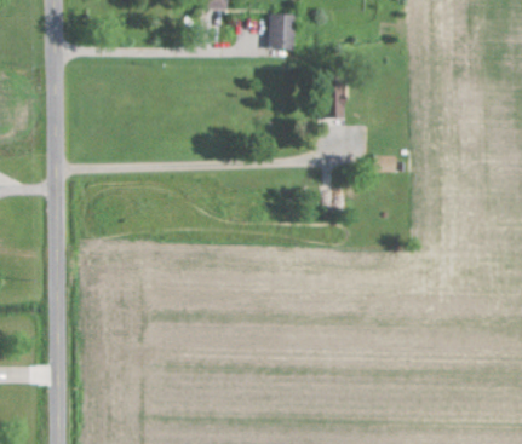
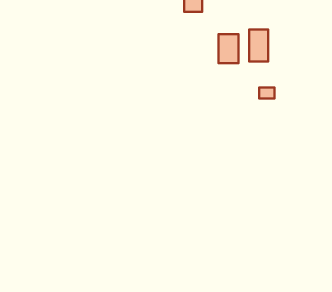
building: none -> [249,29,268,61]

